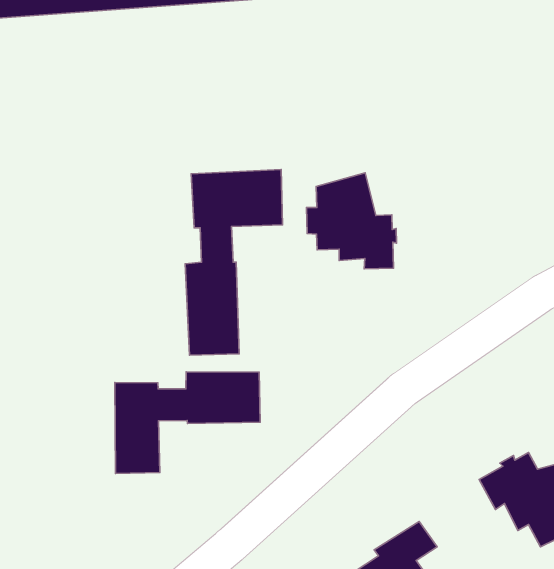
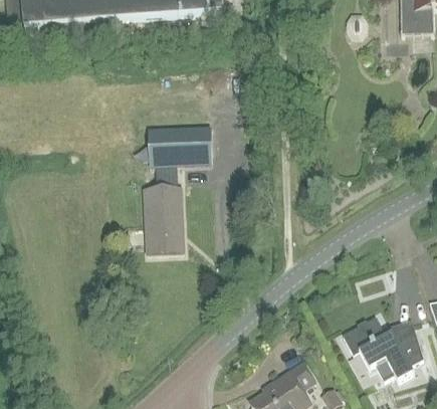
building: [307,173,396,269] -> none
building: [115,372,260,474] -> none

